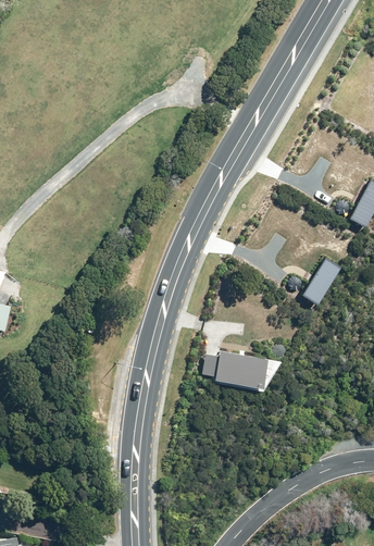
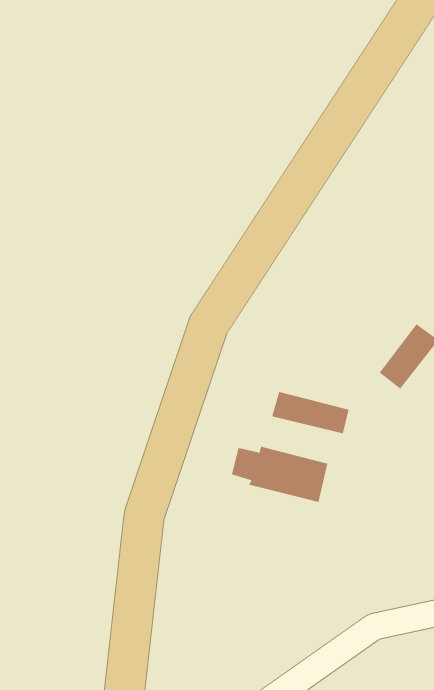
building: none -> [272,391,349,434]

